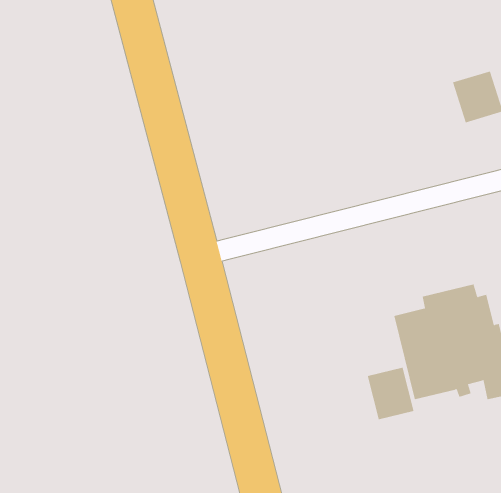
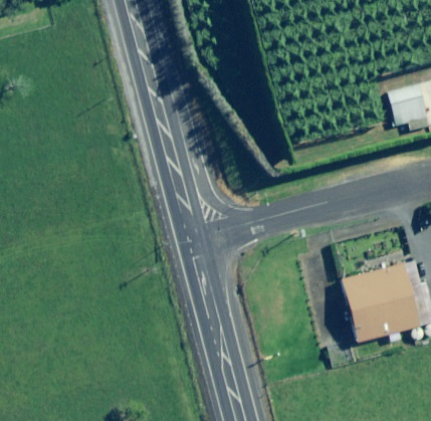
building: [367,367,414,420] -> none

